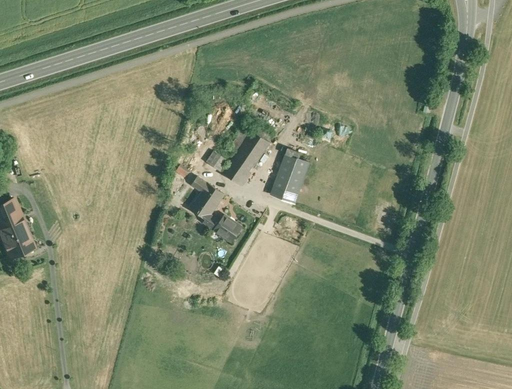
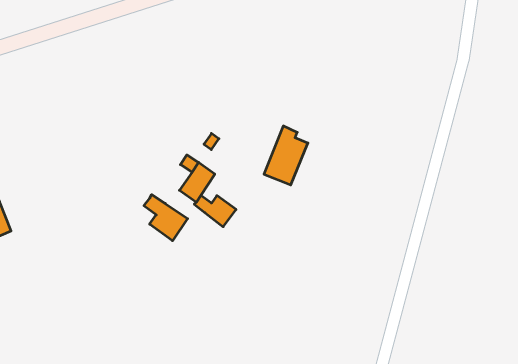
building: [222,131,274,185] -> none
building: none -> [144,195,188,241]

